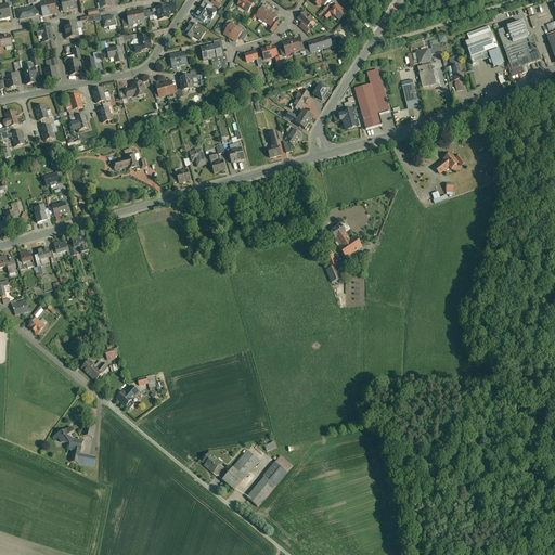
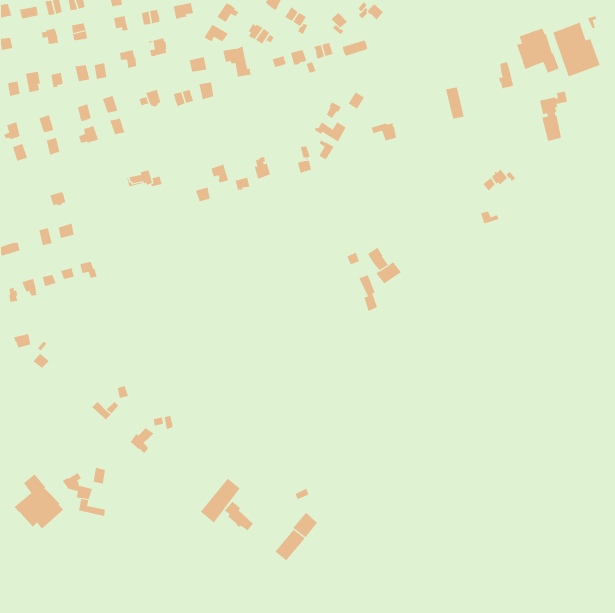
building: [415,41,441,87] -> [539,91,568,141]
building: [354,68,389,128] -> none
building: none -> [14,474,64,529]
building: [222,449,259,490] -> [200,478,241,524]

